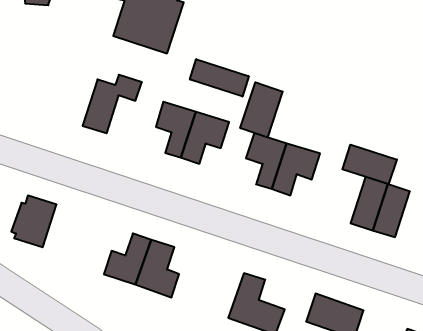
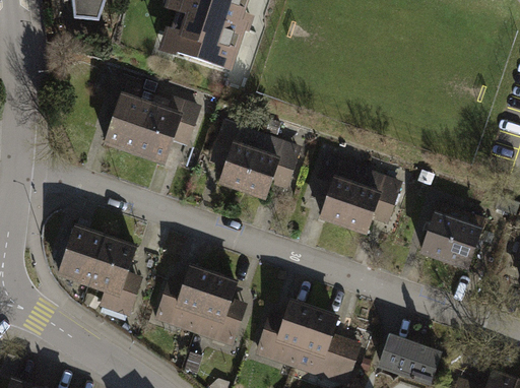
building: none -> [108,72,151,151]
building: [190,59,249,97] -> none
building: [240,82,283,137] -> none
building: [342,145,397,184] -> none
building: none -> [91,238,139,311]
building: none -> [259,305,312,362]

